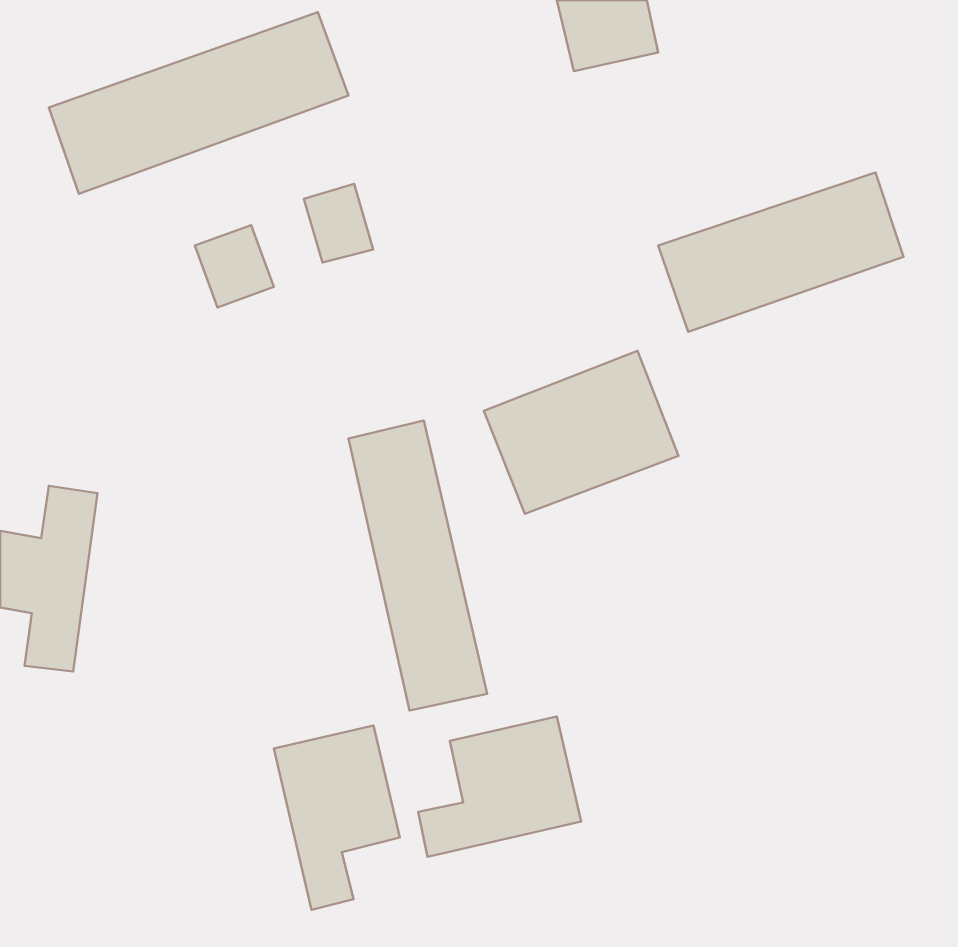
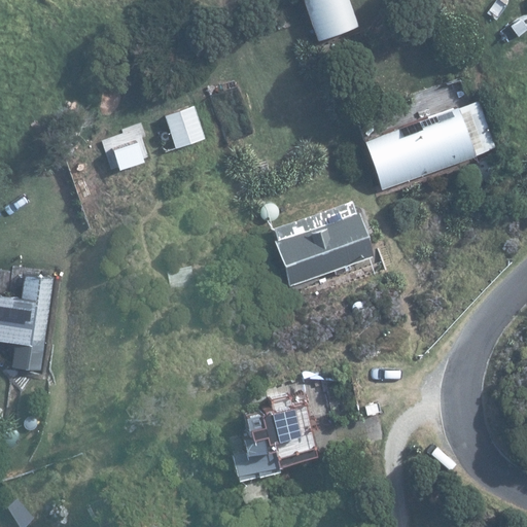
building: [49,12,349,194] -> none
building: [349,421,487,711] -> none
building: [274,725,400,910] -> none

